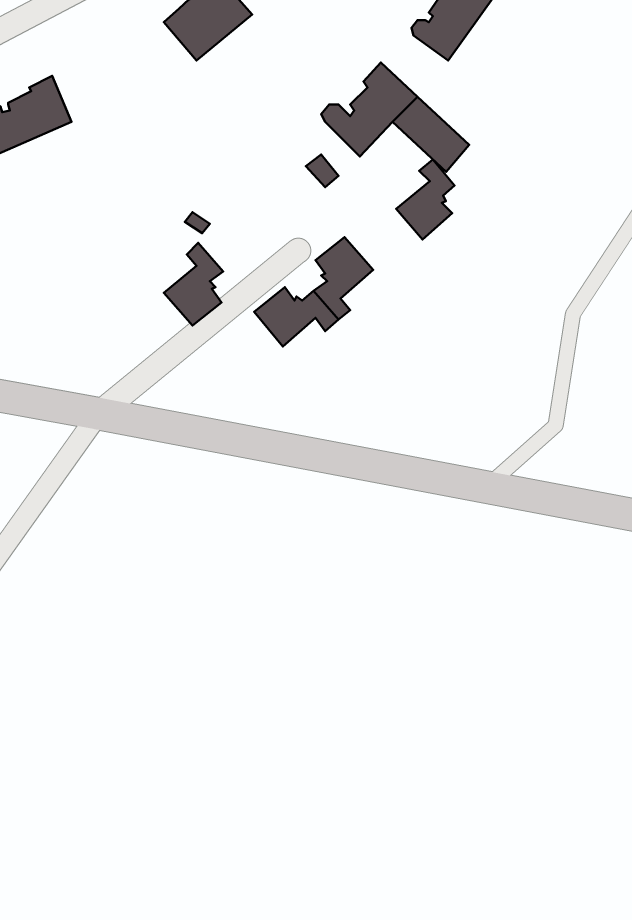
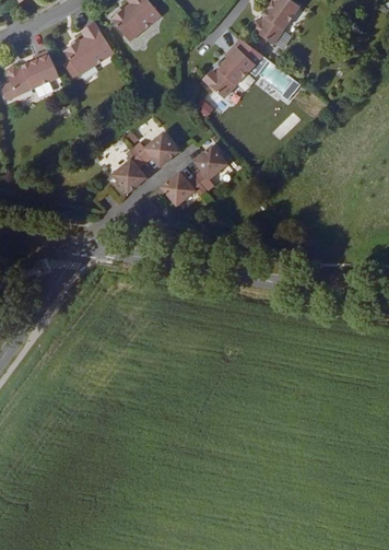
building: none -> [64,22,115,74]
building: [396,159,455,239] -> none
building: none -> [131,132,178,165]

